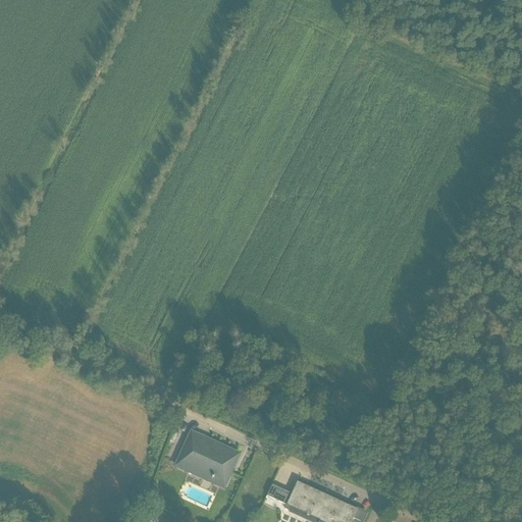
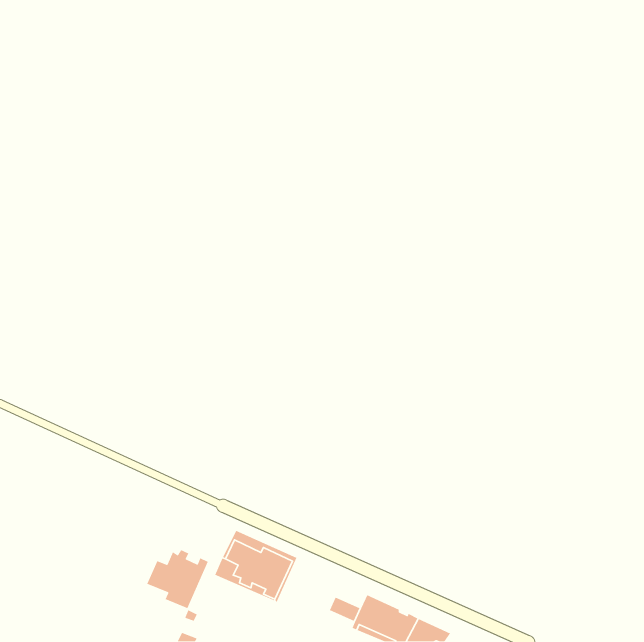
building: none -> [146,549,209,609]

